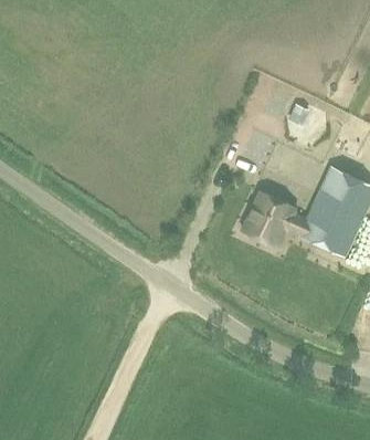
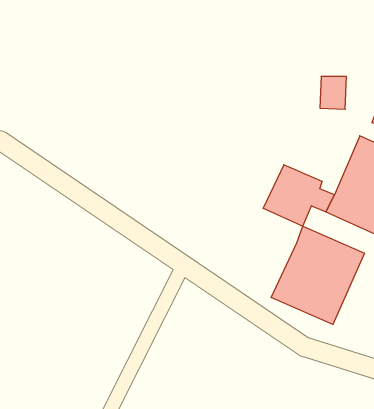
building: none -> [271,226,365,325]

